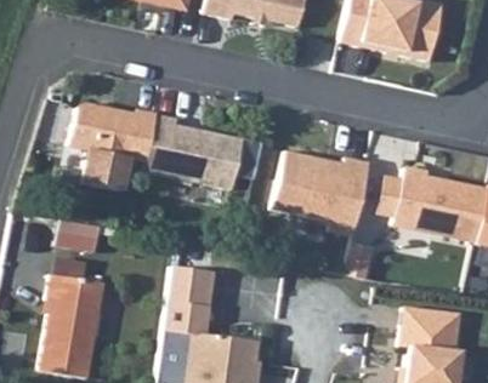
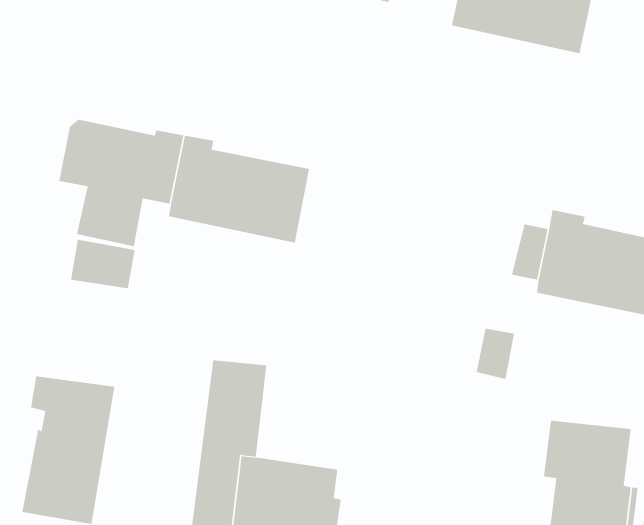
building: [273,152,369,235] -> none
building: [61,223,106,257] -> [70,239,136,289]

